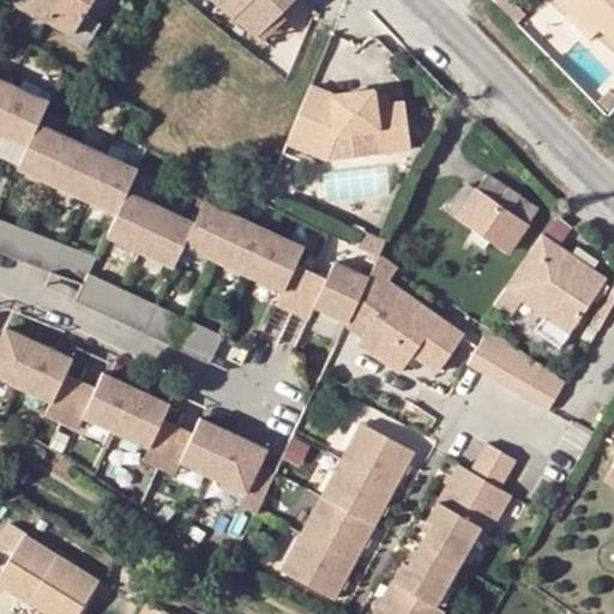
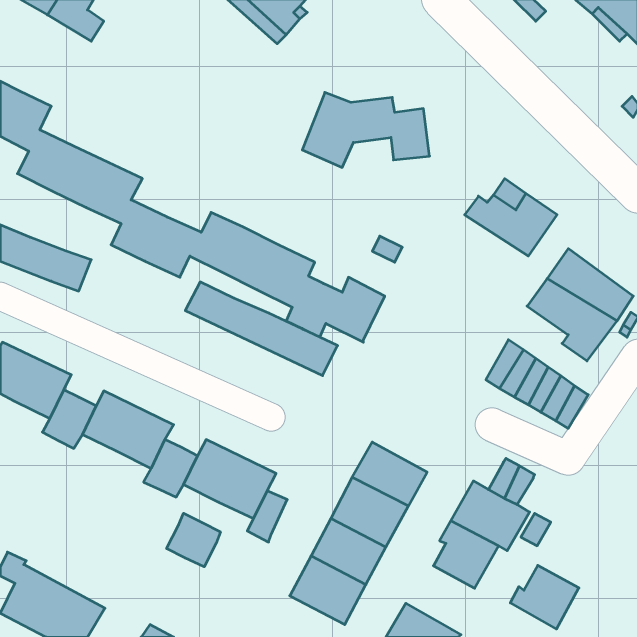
building: [350,254,472,374] -> none
building: [74,273,221,363] -> [185,282,338,376]
building: none -> [167,513,220,567]
building: [391,543,457,604] -> [510,565,579,629]

